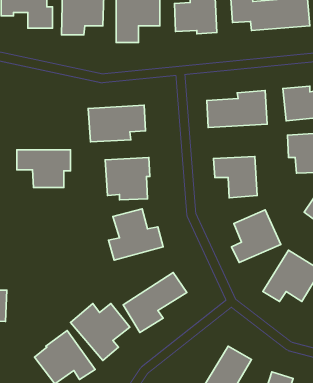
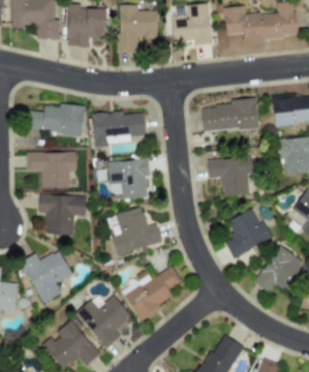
building: none -> [27,103,85,136]
building: none -> [39,194,87,236]
building: none -> [21,250,72,303]

